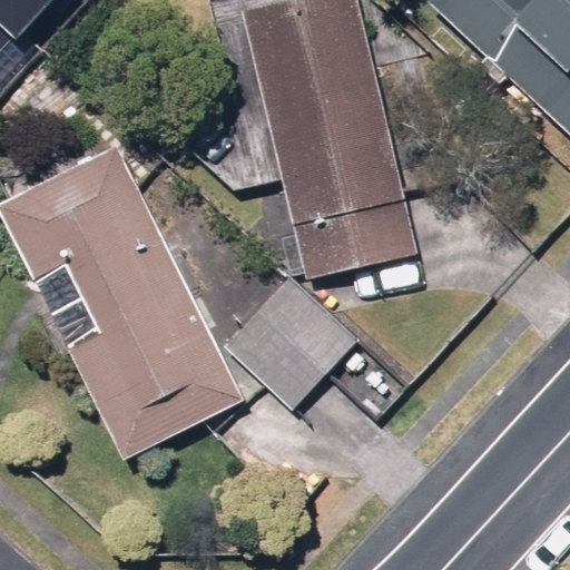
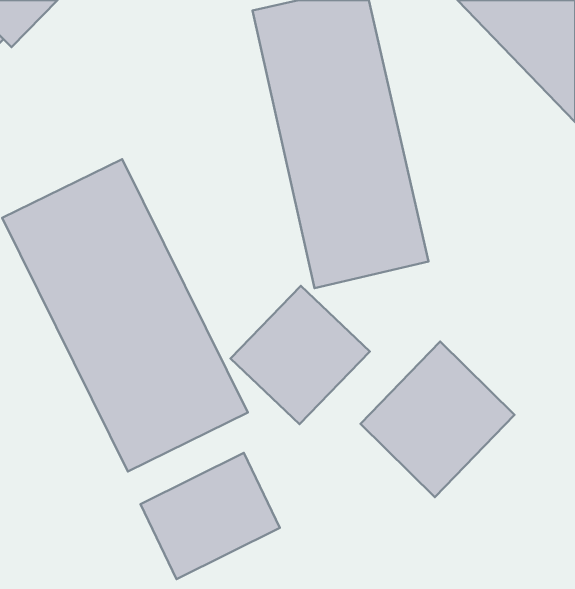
building: none -> [360,341,515,497]
building: none -> [140,453,280,579]

